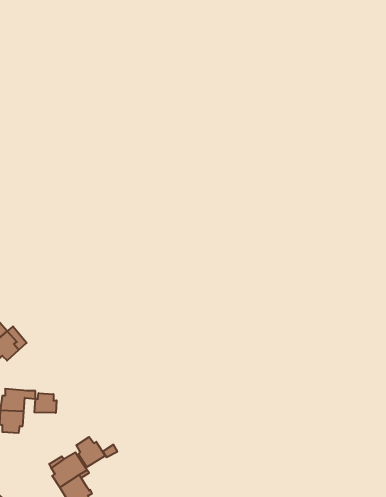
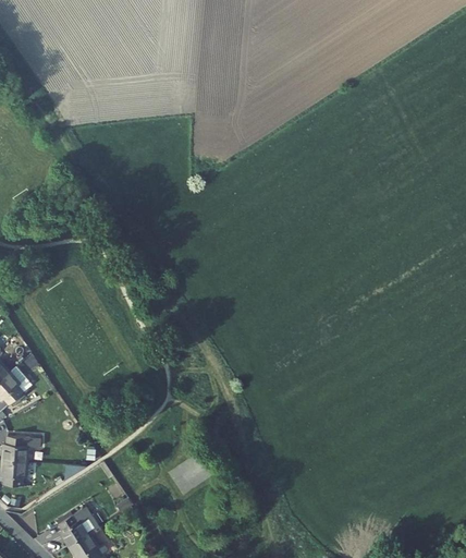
building: [34,393,57,413] -> none
building: [76,437,105,467] -> none

